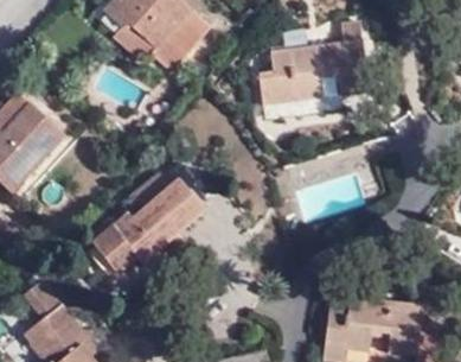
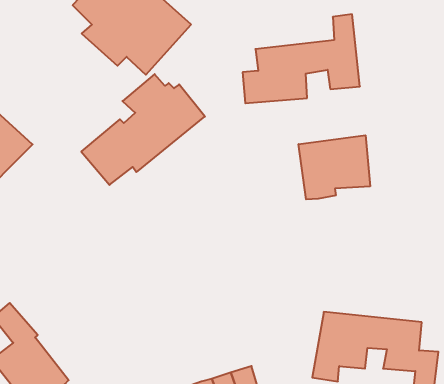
building: none -> [299,135,370,199]
building: [91,172,205,274] -> [81,74,205,185]

